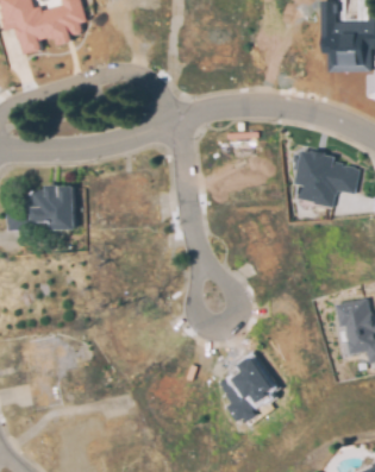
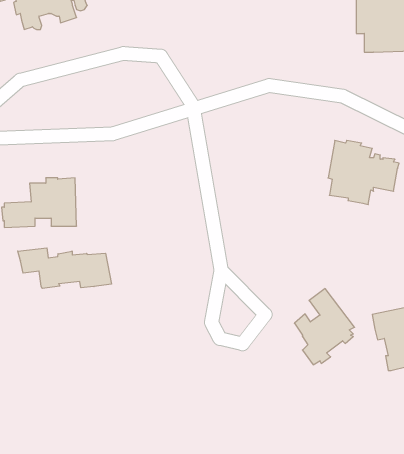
building: none -> [18,248,111,288]
building: [221,352,275,420] -> [294,289,355,365]

